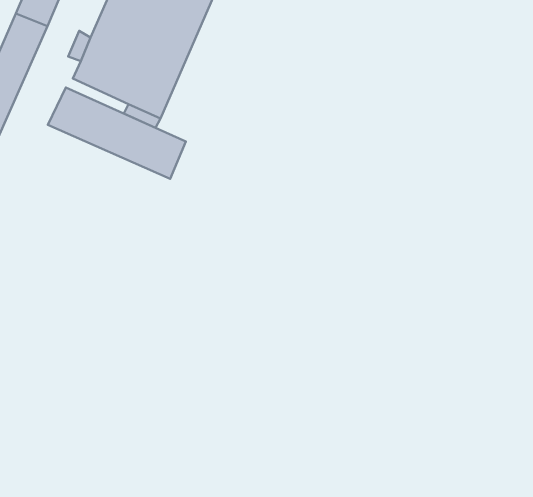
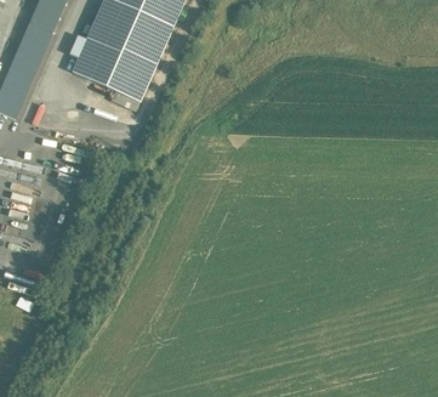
building: [48,87,186,179] -> none

